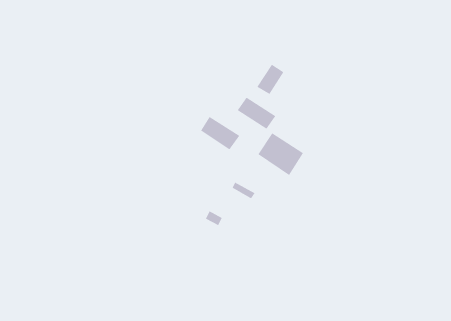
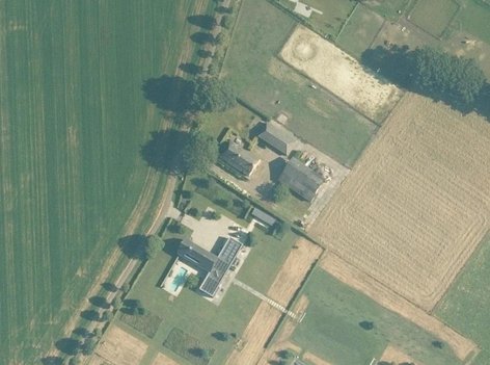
building: [257,64,284,95] -> none
building: none -> [175,238,230,297]

